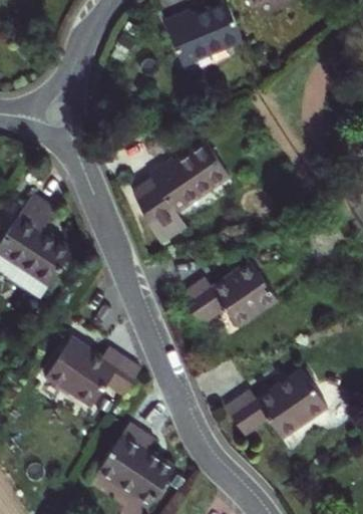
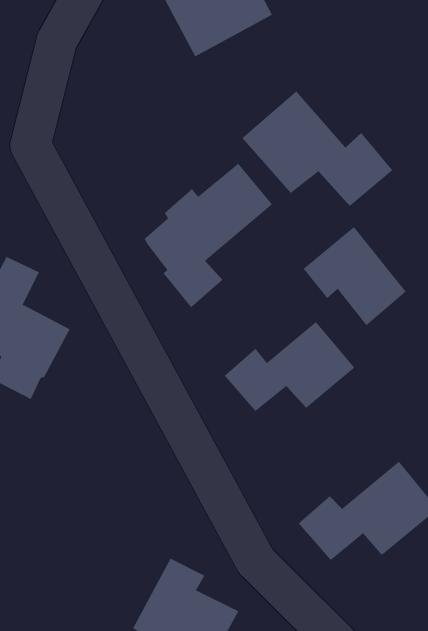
building: none -> [242,90,393,207]
building: none -> [303,226,407,326]
building: [45,338,141,407] -> none

